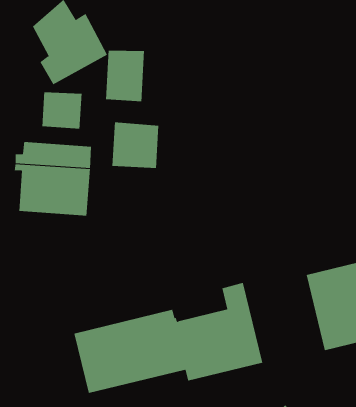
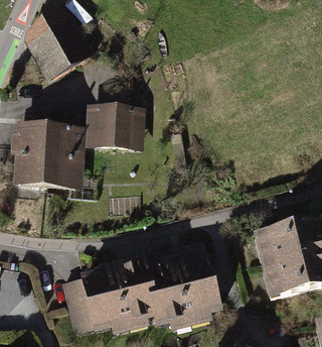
building: [105,50,145,102] -> none
building: [42,92,82,129] -> none

